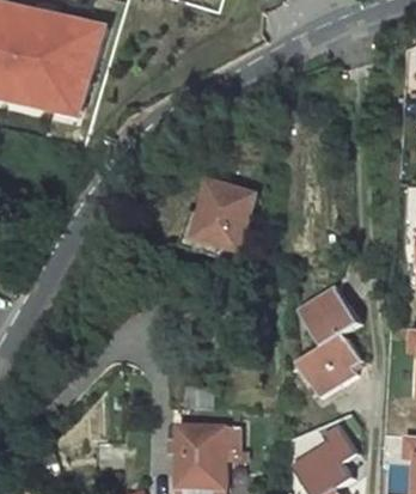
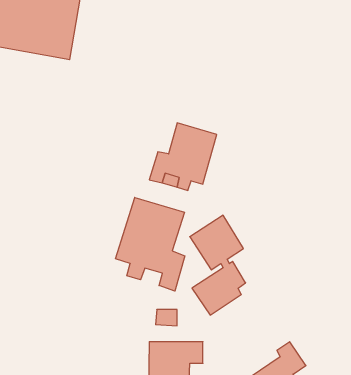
building: none -> [116,197,185,291]
building: [294,287,356,398] -> [190,215,246,315]

